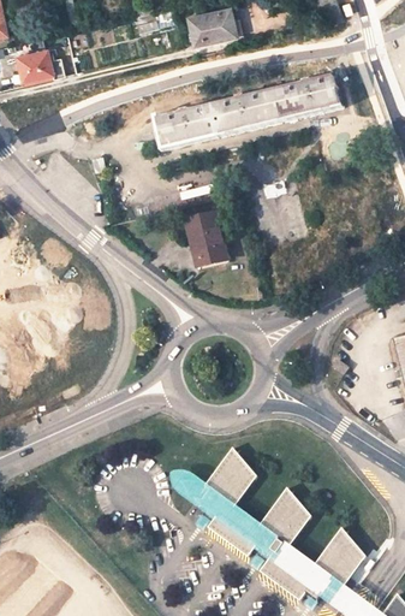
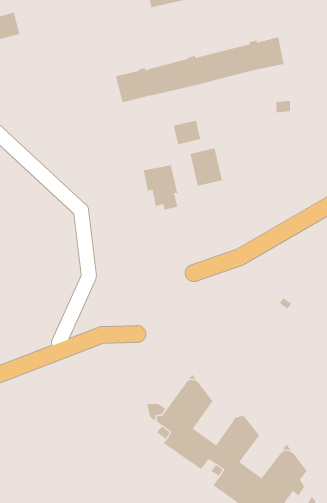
building: none -> [173,120,201,145]
building: none -> [190,148,222,186]

